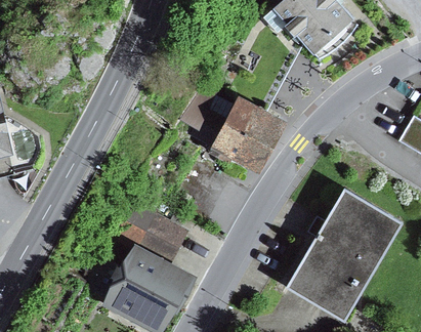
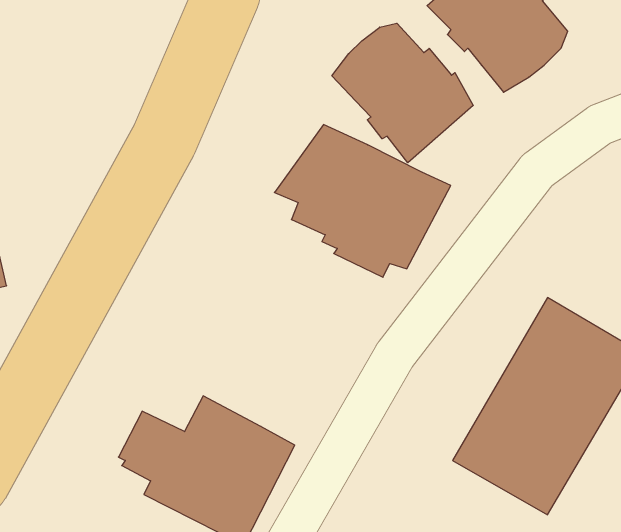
building: none -> [332,23,473,163]
building: [118,202,187,264] -> none

